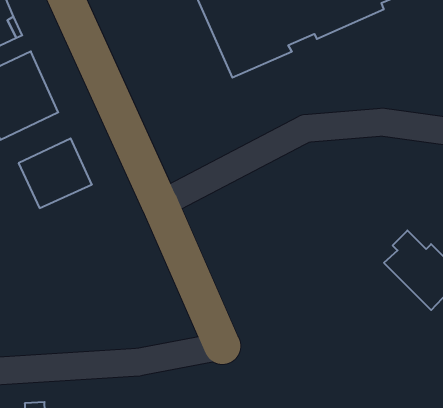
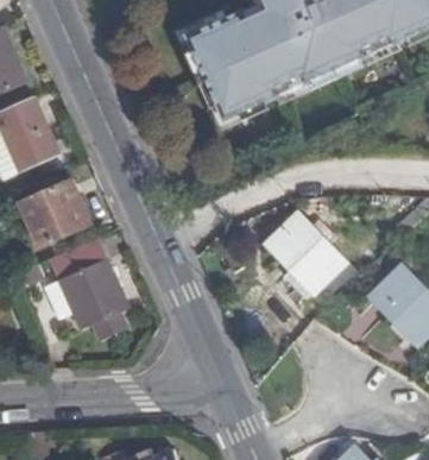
building: none -> [272,215,342,291]
building: none -> [49,238,128,339]

